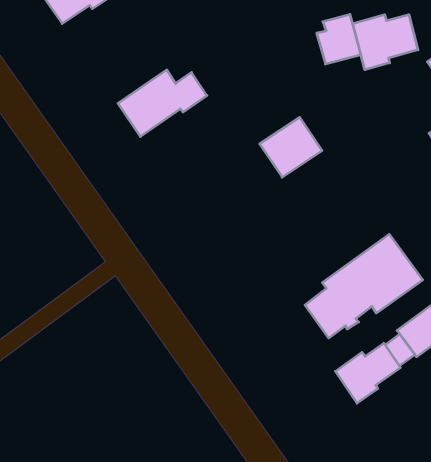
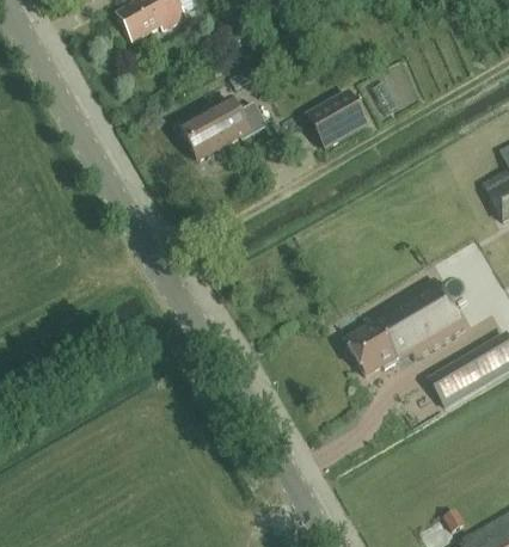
building: [353,15,418,70] -> none
building: [260,117,322,177] -> [307,92,368,149]
building: [335,343,400,403] -> none

